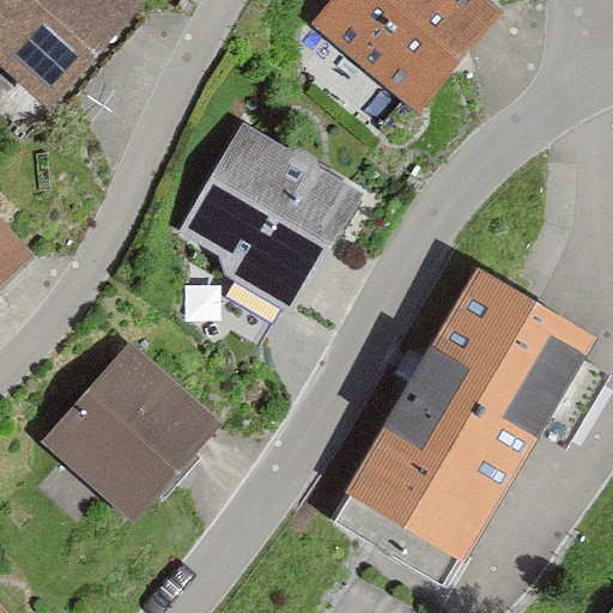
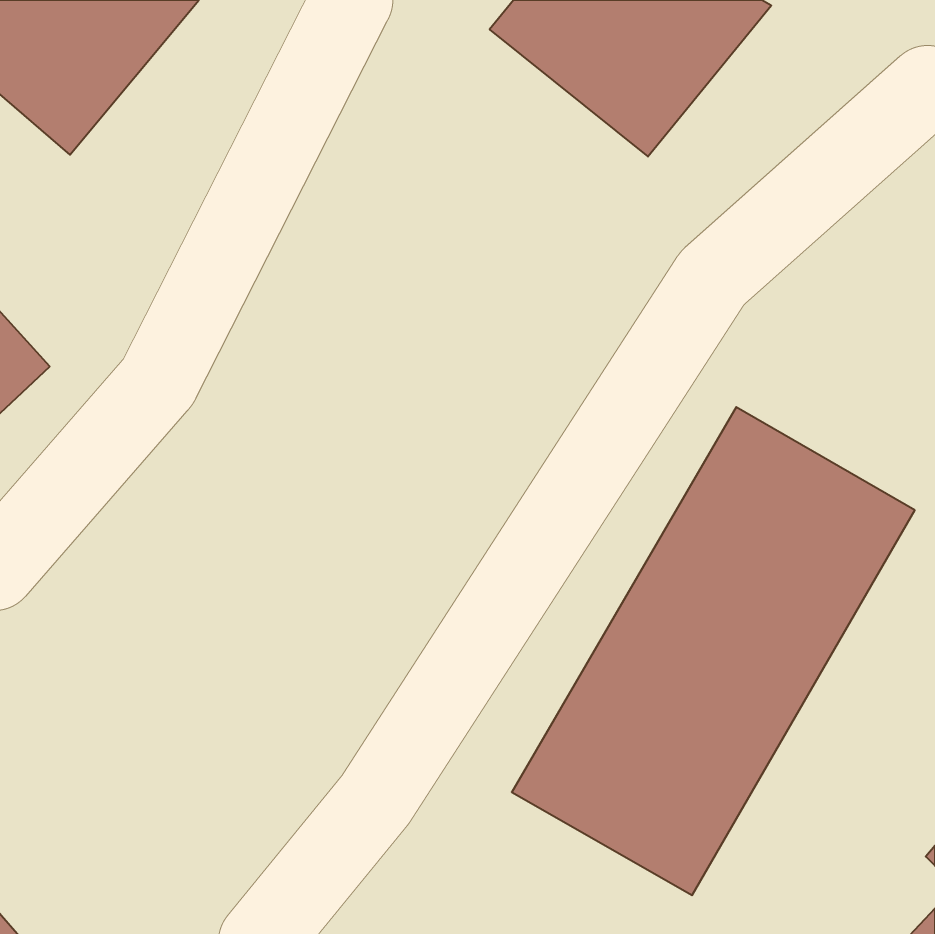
building: [162,117,359,309] -> none
building: [34,329,223,518] -> none

